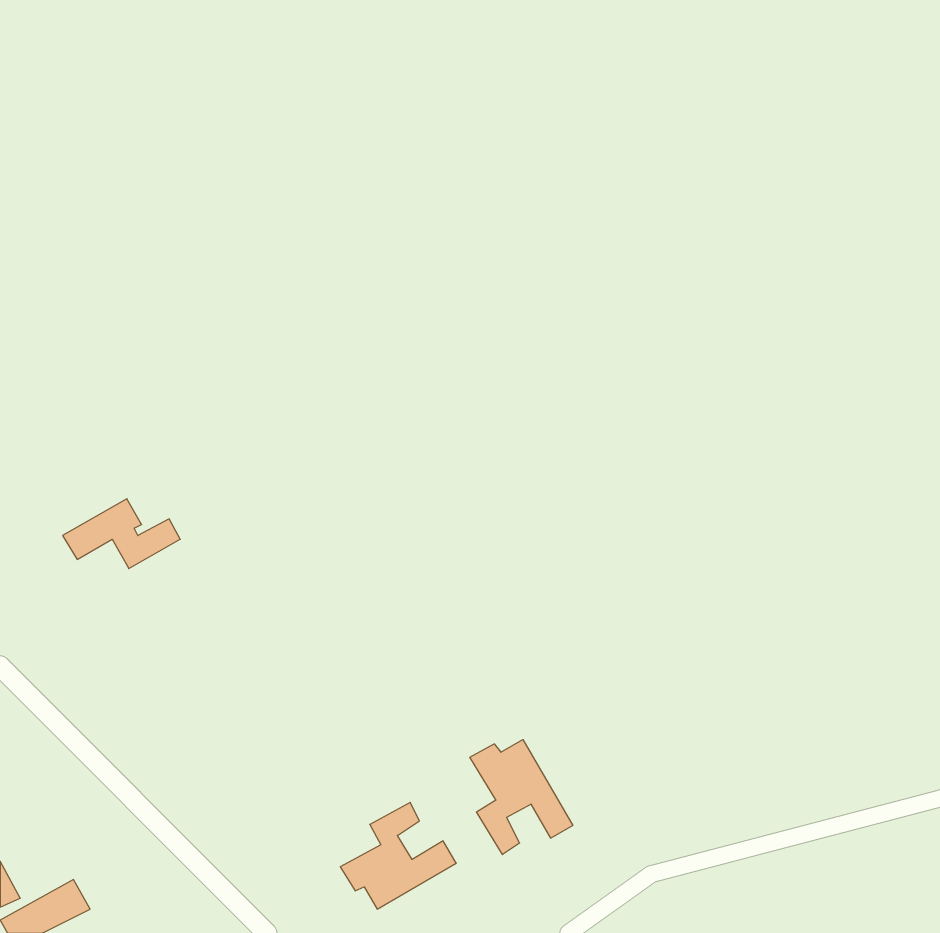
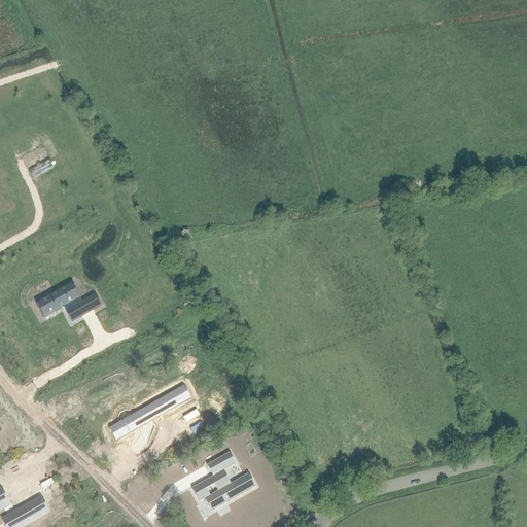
building: none -> [107,387,182,440]
building: [470,740,573,855] -> none

